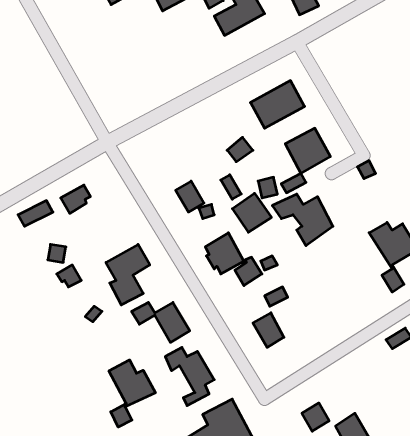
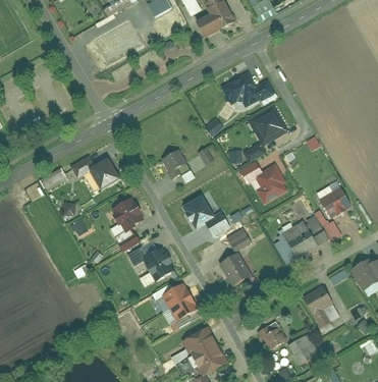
building: none -> [91,155,122,187]
building: [232,193,271,232] -> none
building: none -> [274,217,328,263]
building: none -> [302,289,336,327]
building: [109,360,155,427] -> none

